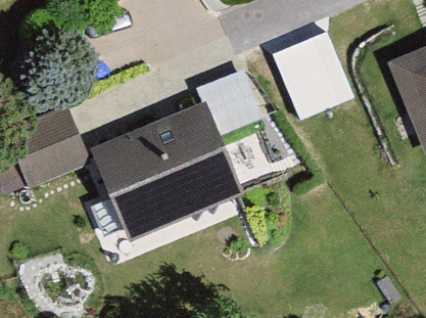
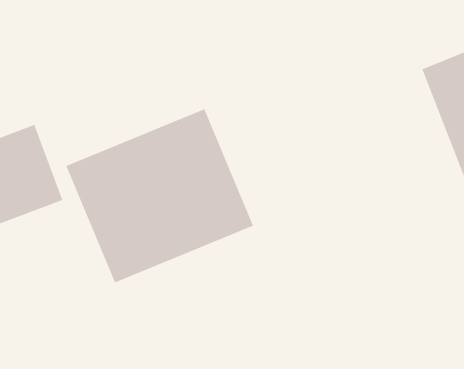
building: [277,30,354,115] -> none

